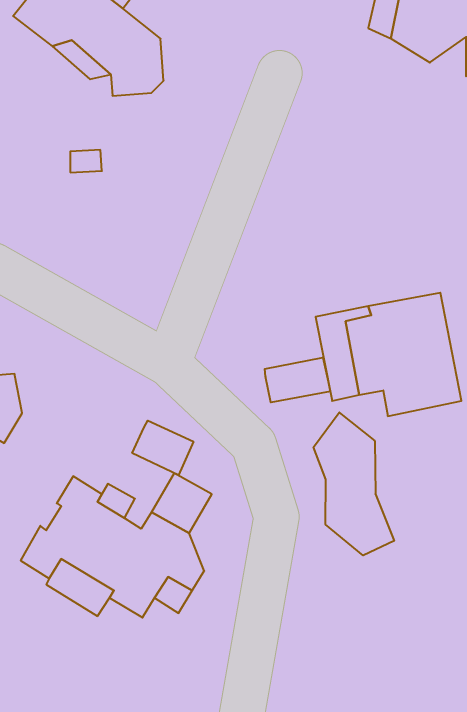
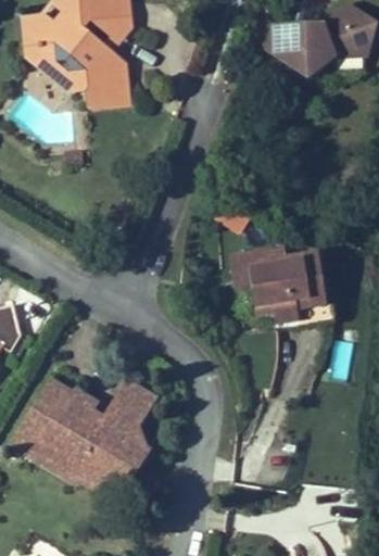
building: [265,357,330,402] -> none
building: [314,412,394,555] -> none
building: [132,421,193,475] -> none

